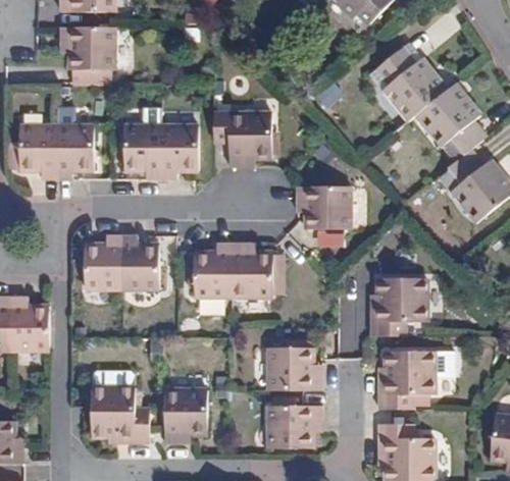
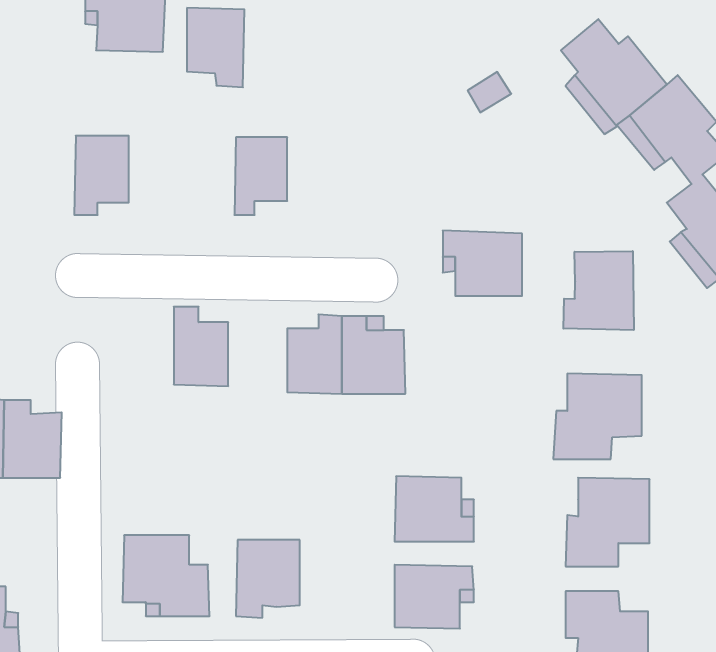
building: [227,111,270,164] -> none
building: [22,124,57,176] -> none
building: [124,124,162,176] -> [187,8,244,87]
building: none -> [563,251,634,330]
building: [86,236,121,287] -> none

